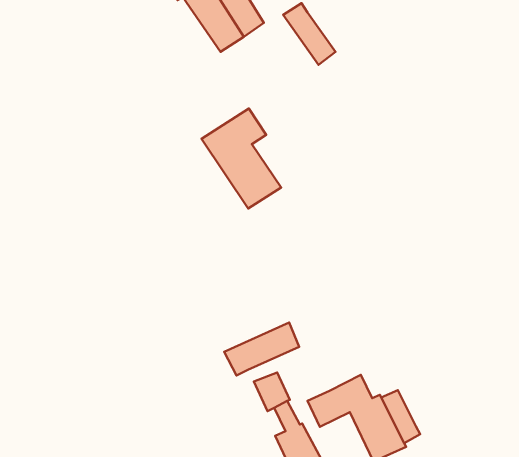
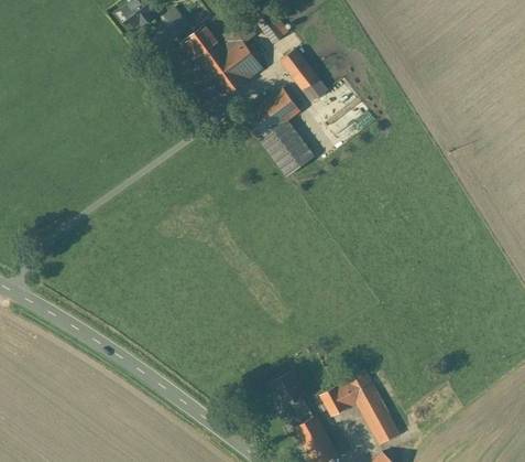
building: [202,109,281,208] -> [242,89,314,176]
building: [224,322,299,376] -> none
building: [381,390,420,443] -> none

